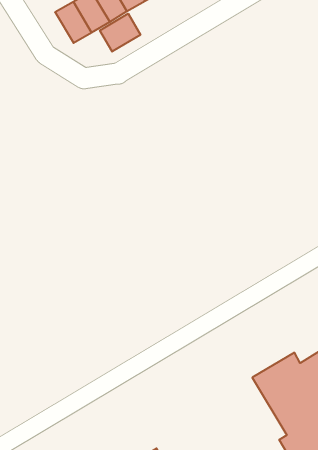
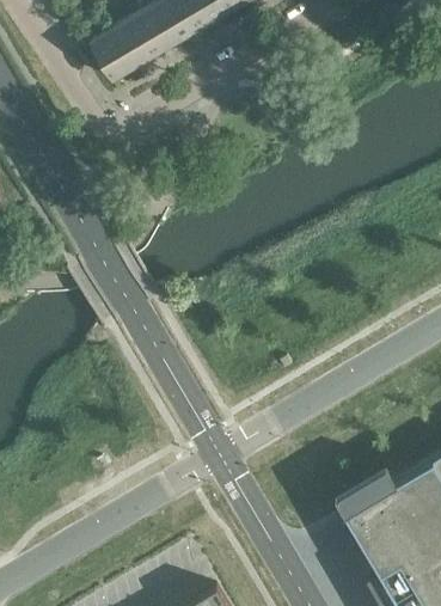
building: [100,14,140,52] -> none

